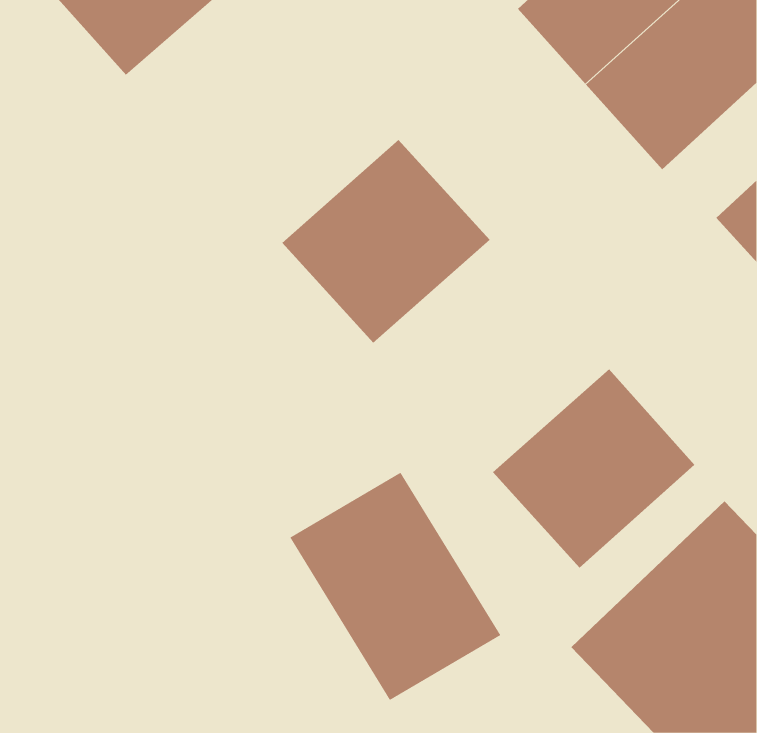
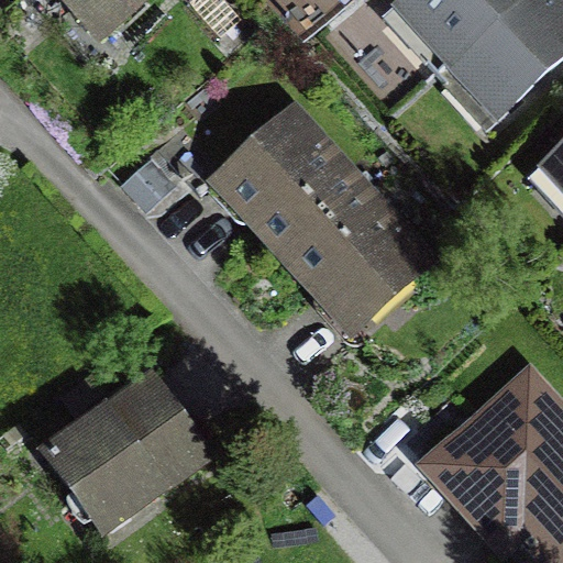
building: [492,368,695,568] -> [277,178,428,327]
building: [289,472,501,701] -> none
building: none -> [44,373,205,522]

